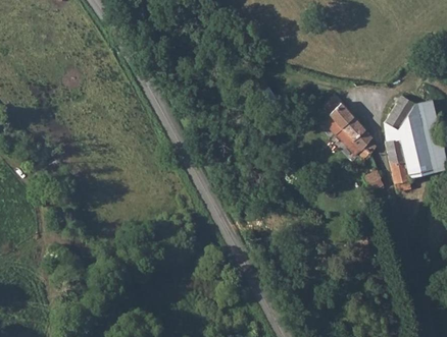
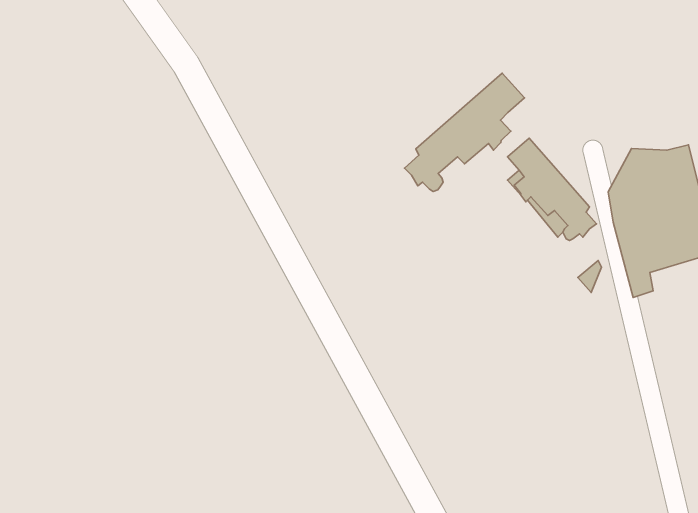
building: none -> [404,73,525,192]

